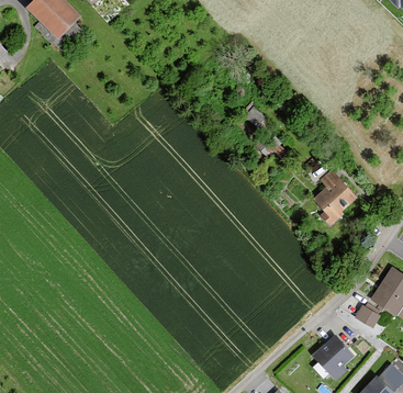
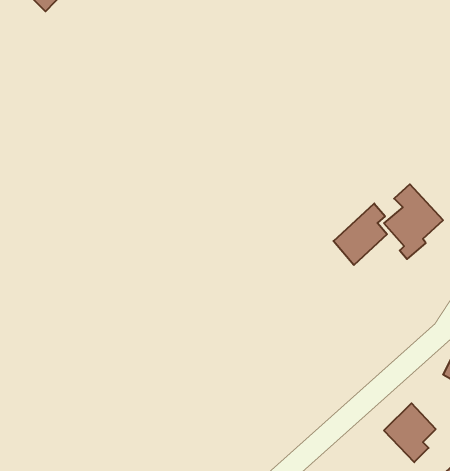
building: none -> [333,203,387,265]

